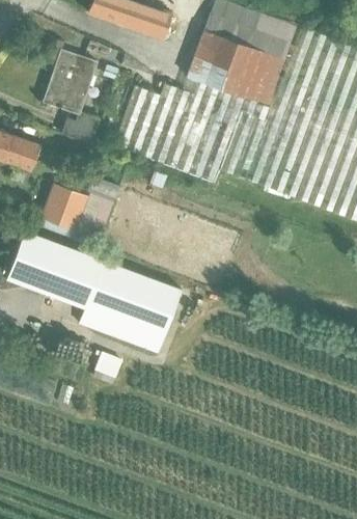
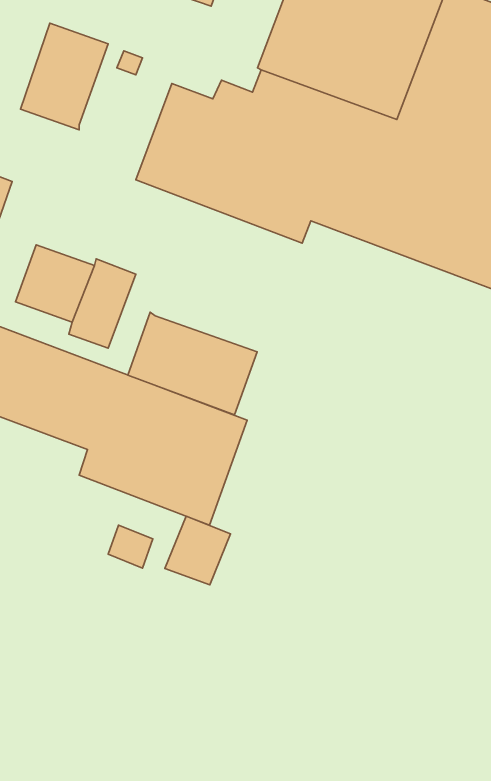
building: [62,111,100,143] -> none
building: none -> [128,312,257,415]
building: none -> [165,516,230,585]

